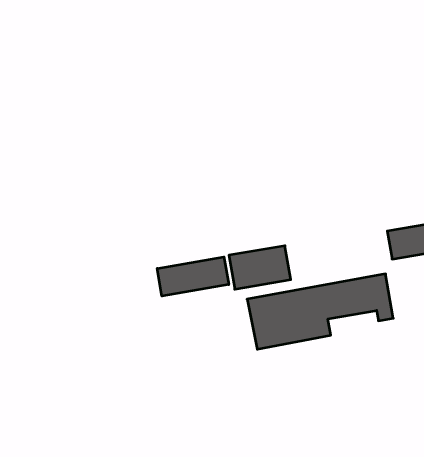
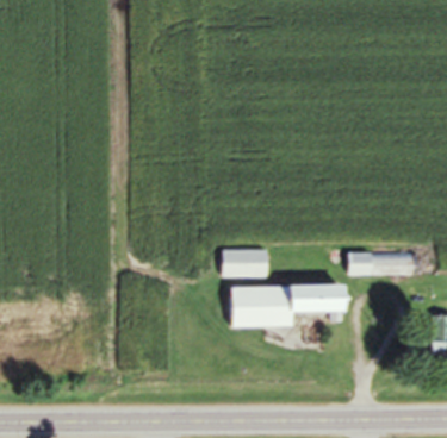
building: [157,257,229,296] -> none

